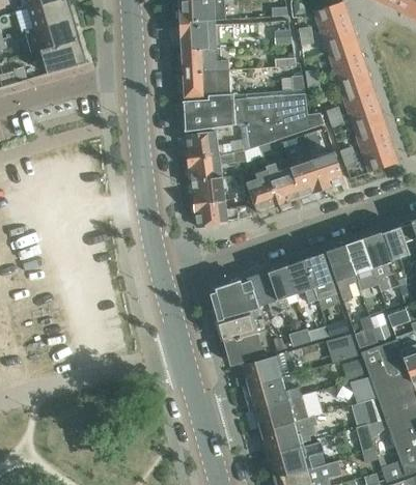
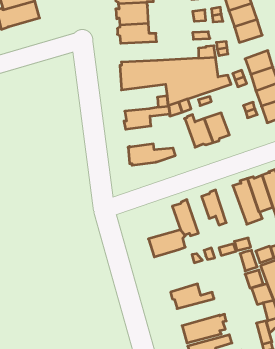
building: [40,39,86,73] -> none
building: [334,61,370,91] -> none
building: [181,69,230,95] -> none
building: [185,131,220,158] -> none
building: [311,152,342,188] -> none
building: [247,168,278,211] -> none
building: [190,176,225,203] -> none
building: [304,253,332,298] -> none
building: [268,265,296,312] -> none
building: [213,276,259,319] -> none
building: [226,333,267,363] -> none
building: [243,350,293,387] -> none
building: [255,394,309,429] -> none

